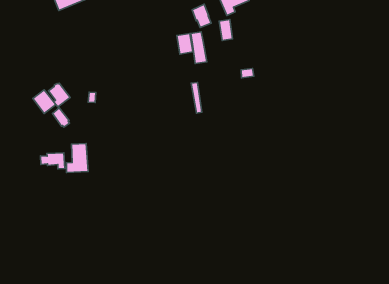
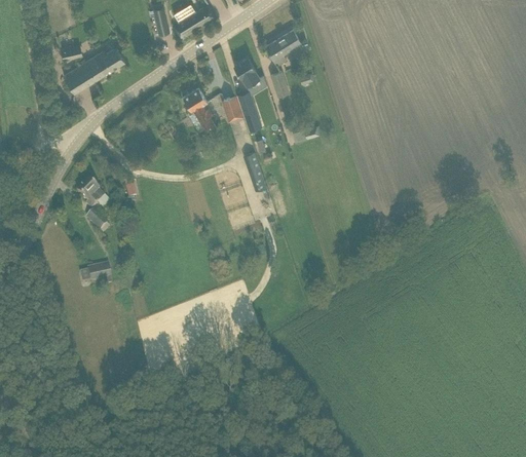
building: none -> [182,86,215,130]
building: [33,90,56,113] -> none
building: [66,144,88,172] -> none

